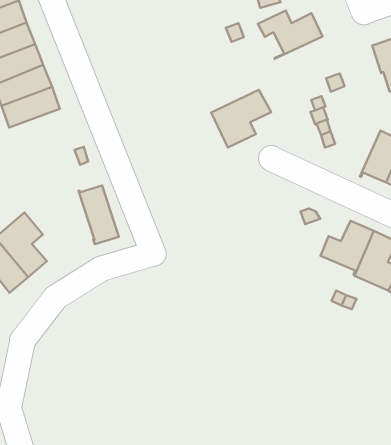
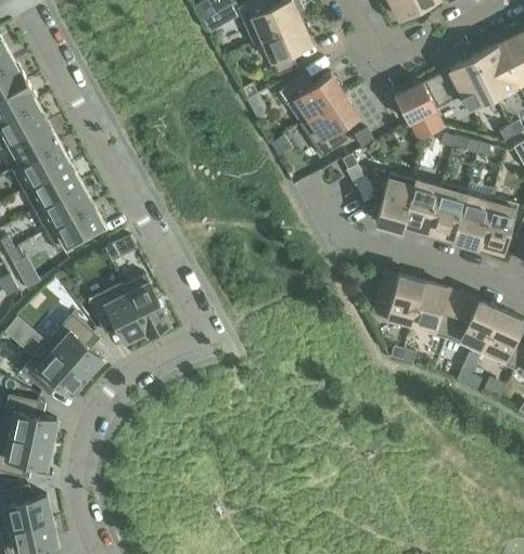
building: [211,90,271,147] -> [301,95,360,157]
building: none -> [46,205,105,253]
building: none -> [376,175,417,230]
building: none -> [89,284,146,342]

